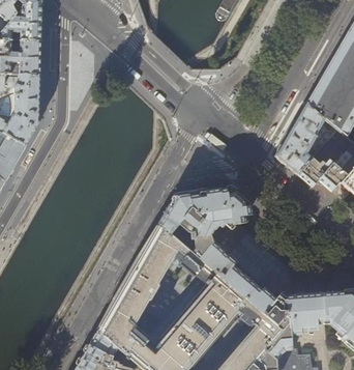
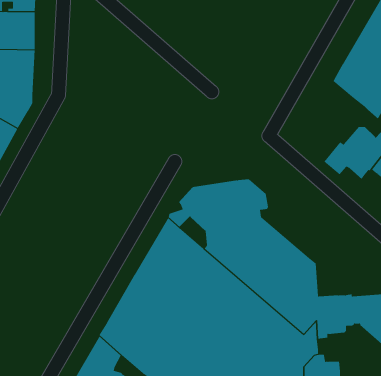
building: [275,103,330,174] -> none

